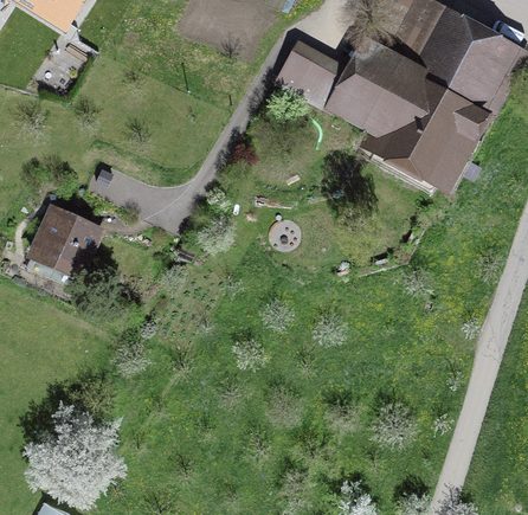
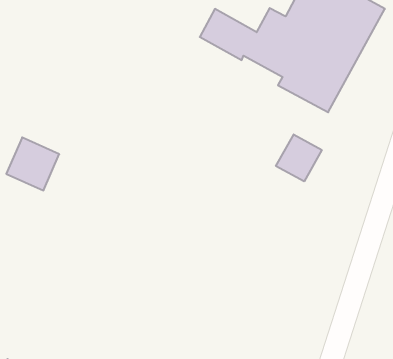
building: none -> [276,134,322,181]

